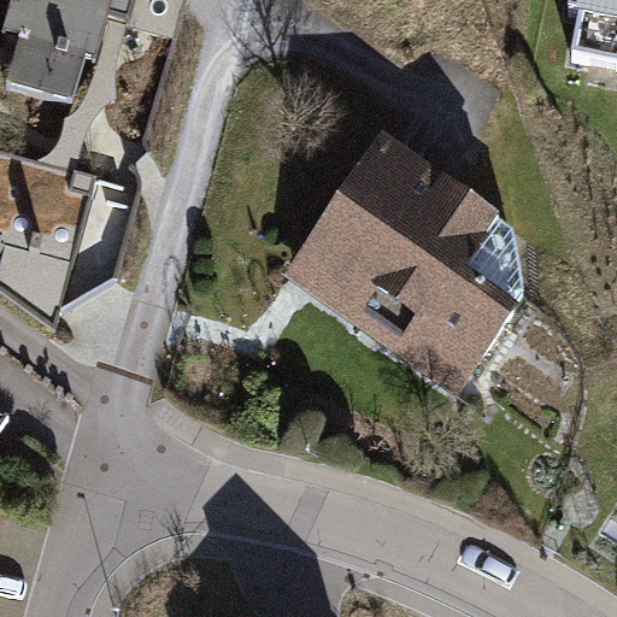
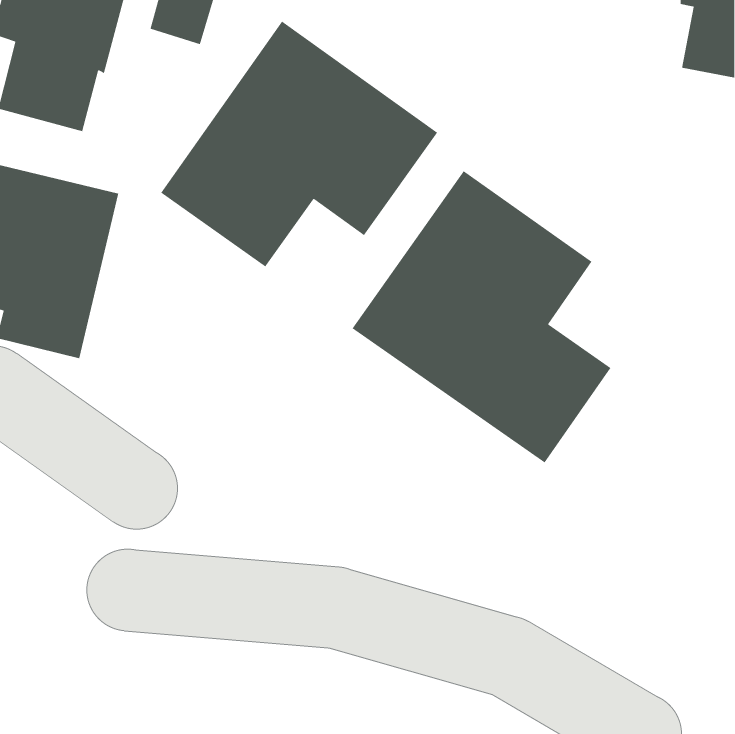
building: none -> [160,20,438,267]

